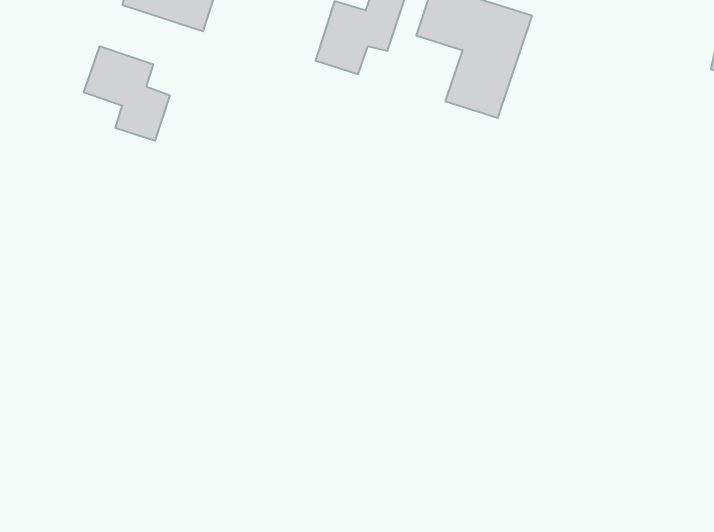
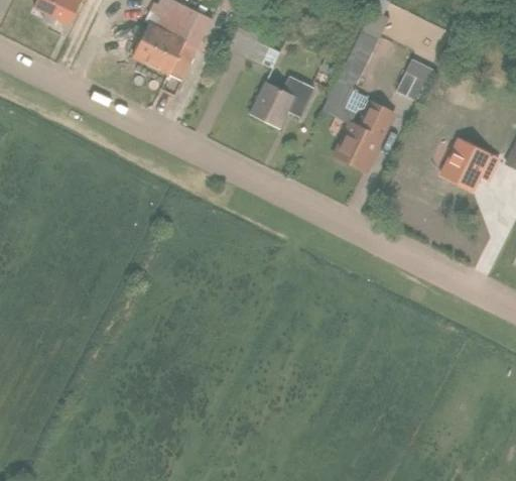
building: none -> [439,138,500,195]
building: [84,46,170,141] -> none

